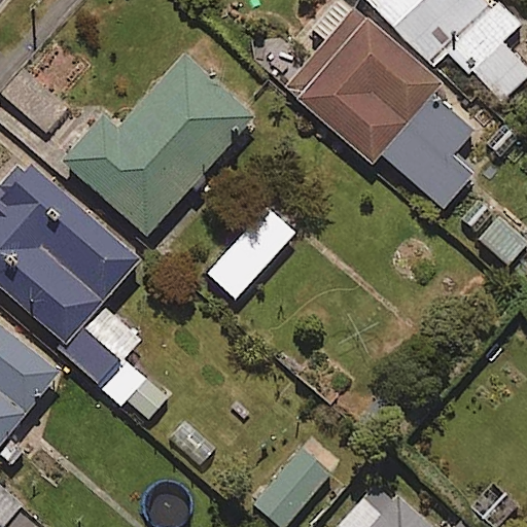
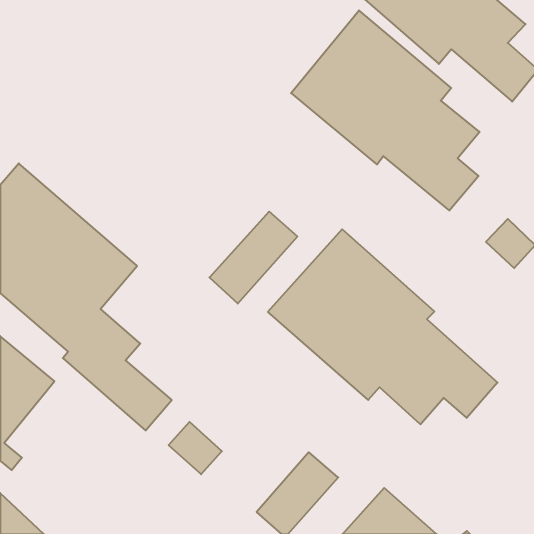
building: [60,56,250,235] -> none
building: none -> [268,229,498,424]

